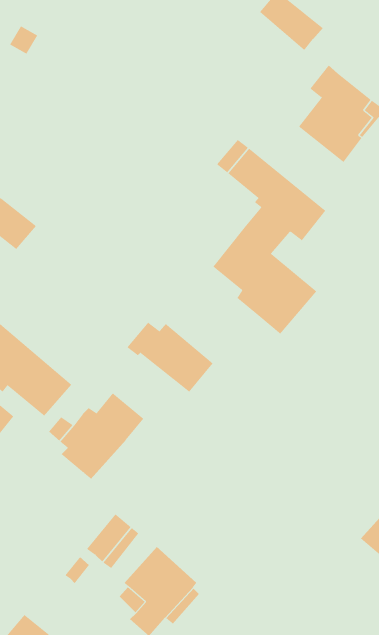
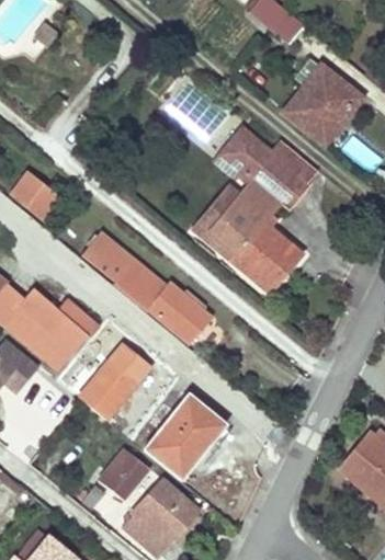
building: none -> [193,190,238,260]
building: none -> [82,235,155,302]
building: none -> [144,396,229,479]

